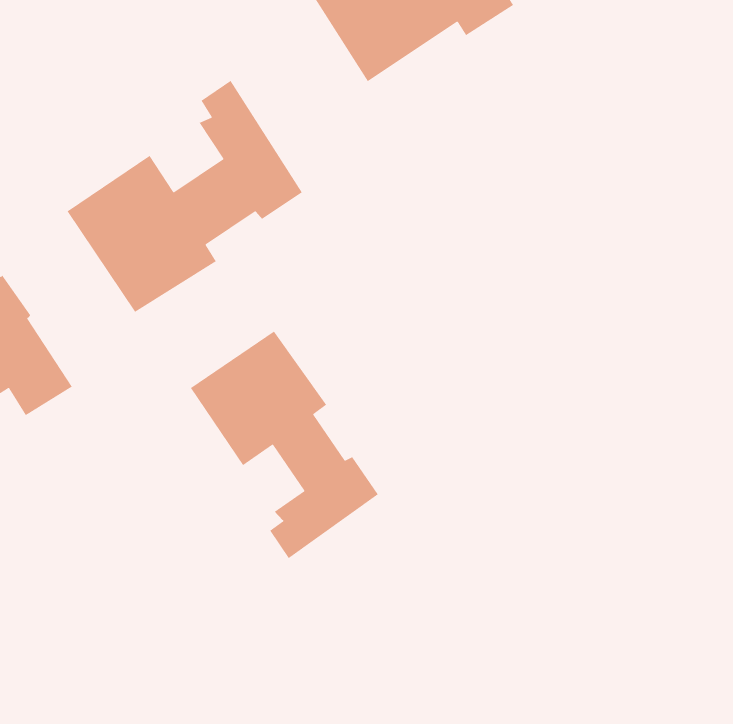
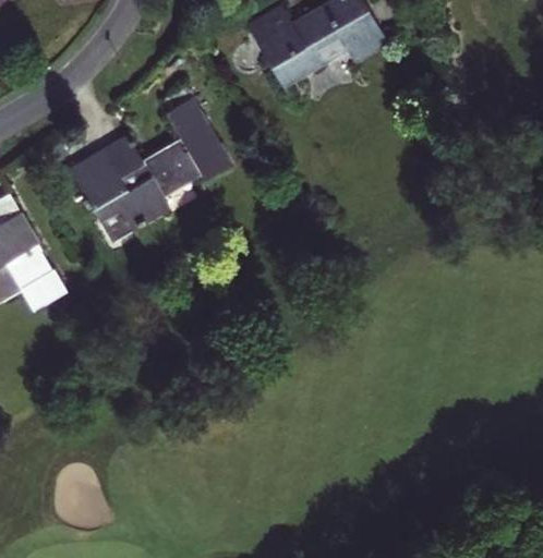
building: [190,331,379,559] -> none

